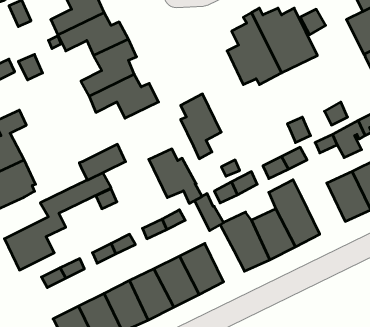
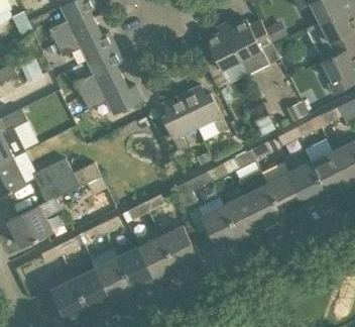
building: [79,144,126,180] -> [31,157,72,189]
building: [149,149,202,203] -> [180,85,226,132]
building: none -> [265,172,304,216]

